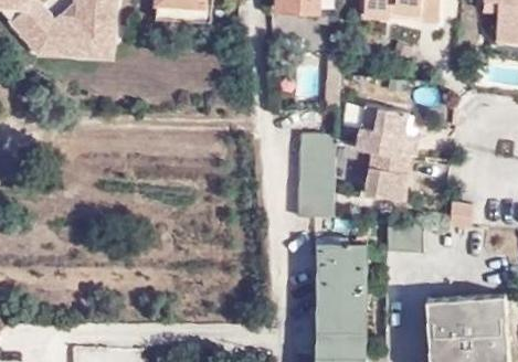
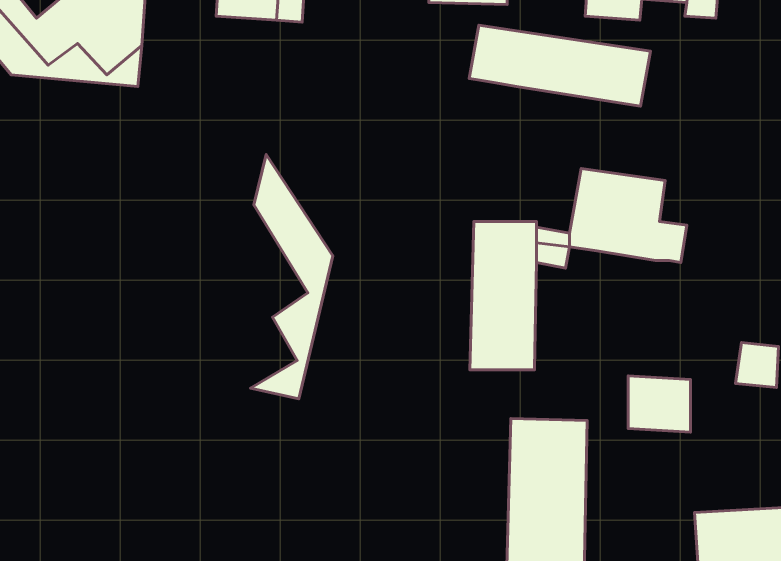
building: none -> [469,25,650,106]
building: none -> [251,154,333,399]
building: [363,150,411,200] -> none

